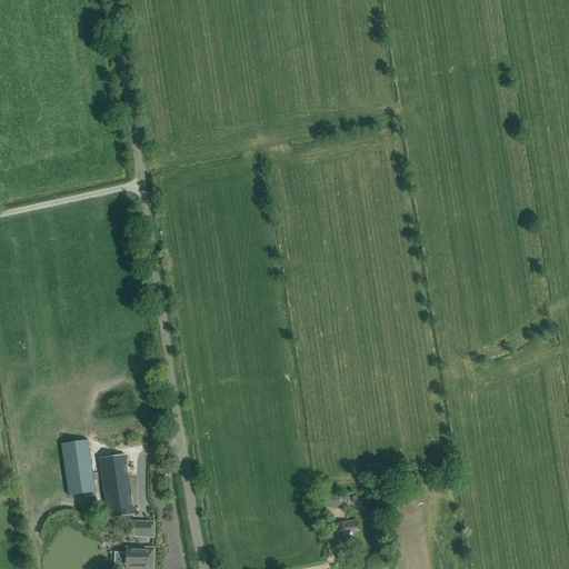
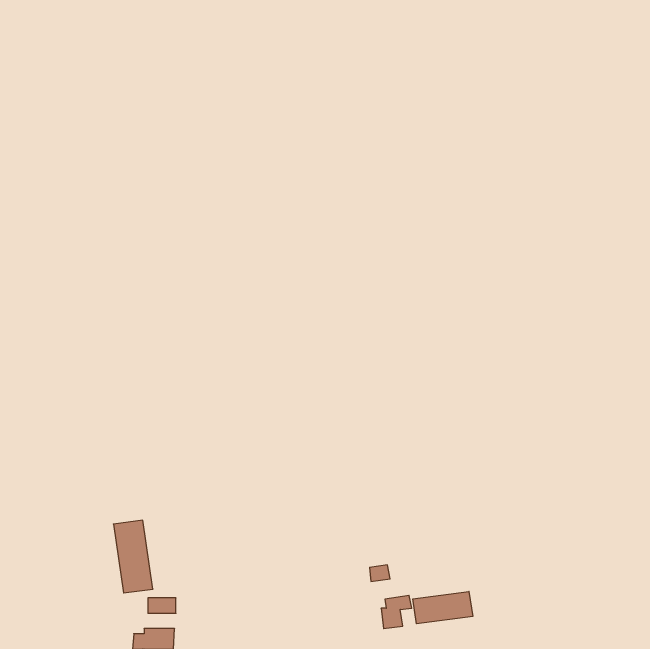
building: [62,439,96,495] -> none
building: none -> [413,591,473,624]

